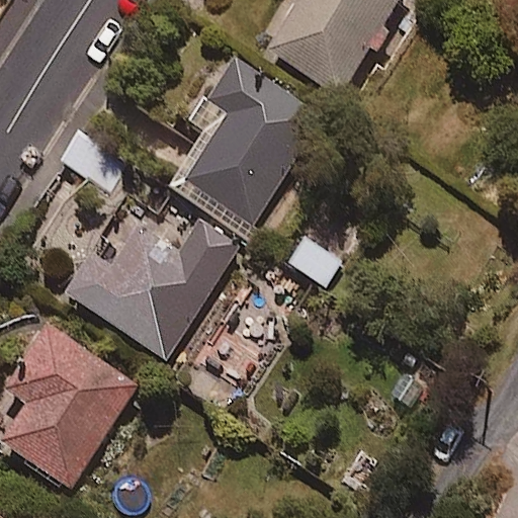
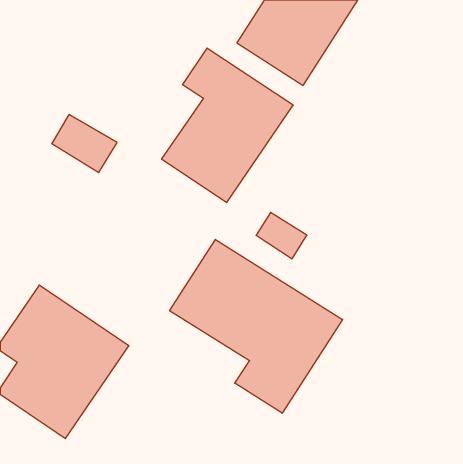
building: [56,218,240,361] -> none
building: none -> [170,239,343,413]

